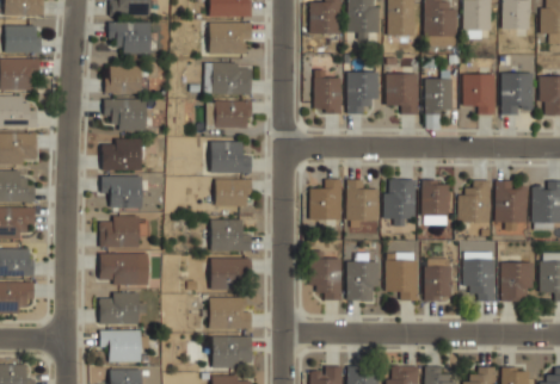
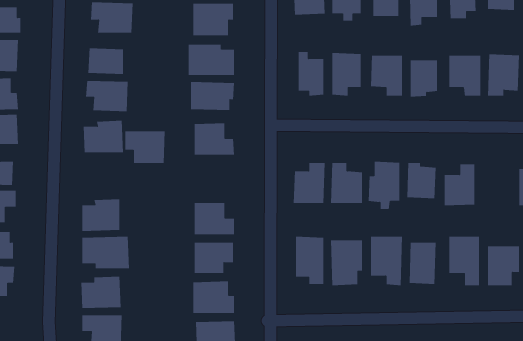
building: [101,175,142,208] -> [125,131,166,163]
building: [216,178,250,205] -> none
building: [496,179,528,222] -> none

